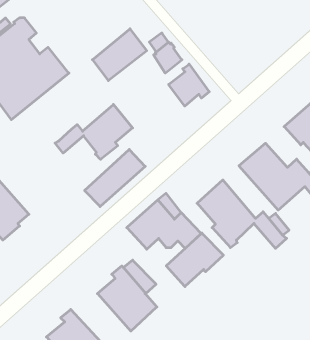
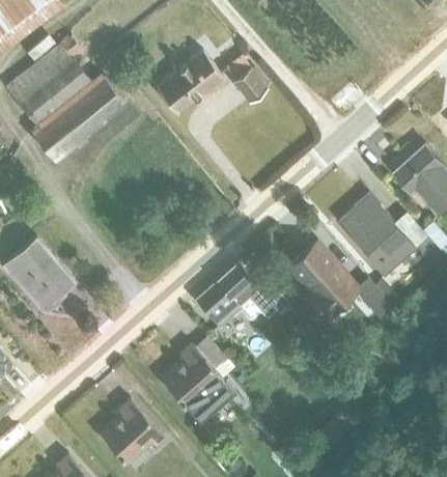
building: [169,64,209,106] -> none
building: [55,104,133,159] -> none
building: [85,149,145,207] -> none
building: [166,233,223,287] -> none

